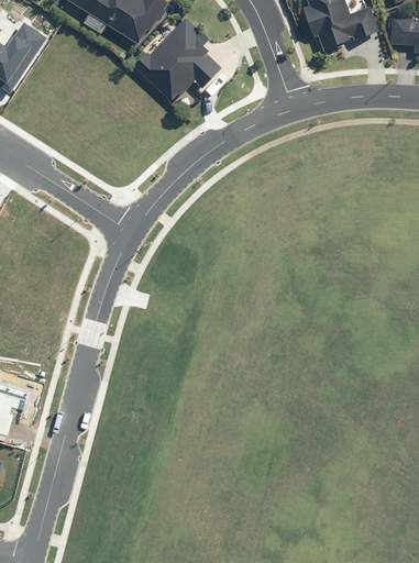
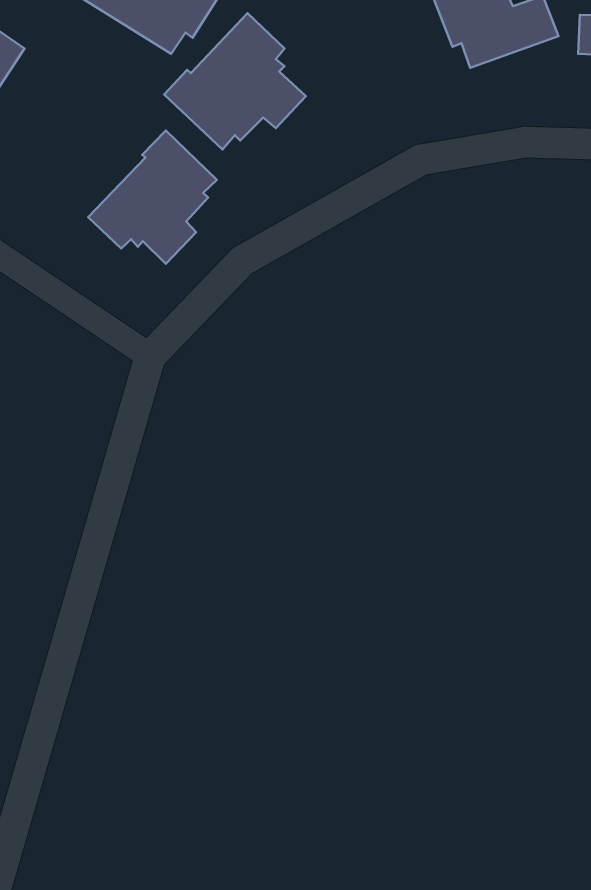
building: none -> [88,130,217,264]

